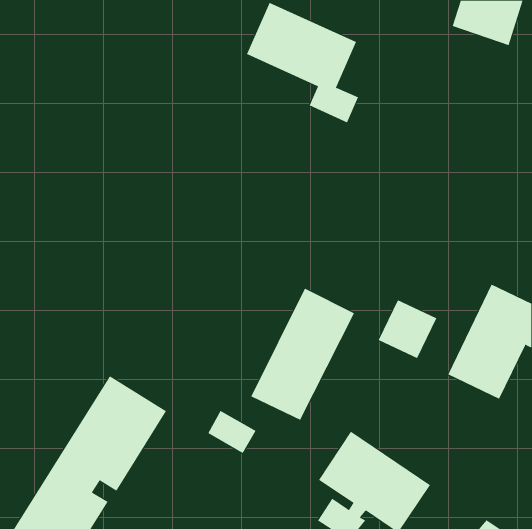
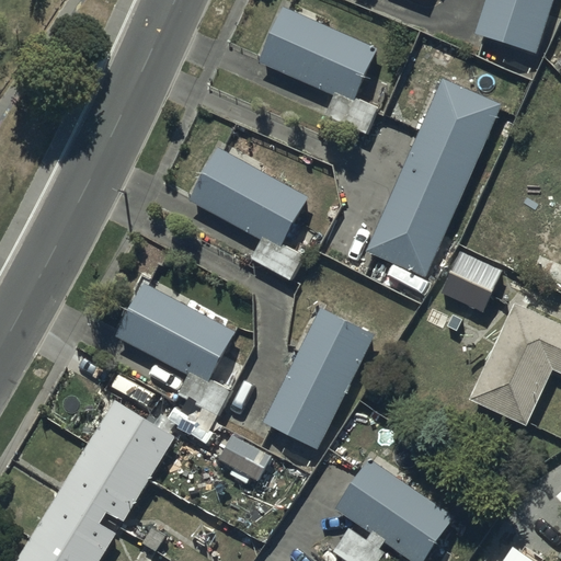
building: none -> [366,79,502,277]
building: none -> [188,147,307,280]
building: none -> [116,283,233,415]
building: [378,299,437,359] -> [439,251,502,313]

